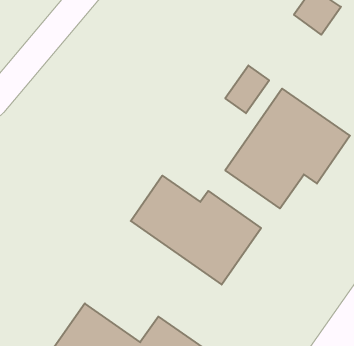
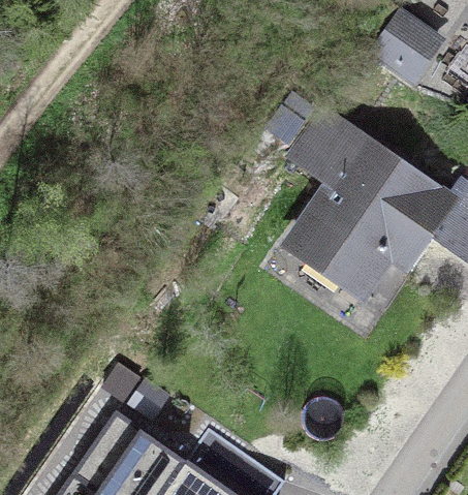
building: [131,176,261,285] -> none

